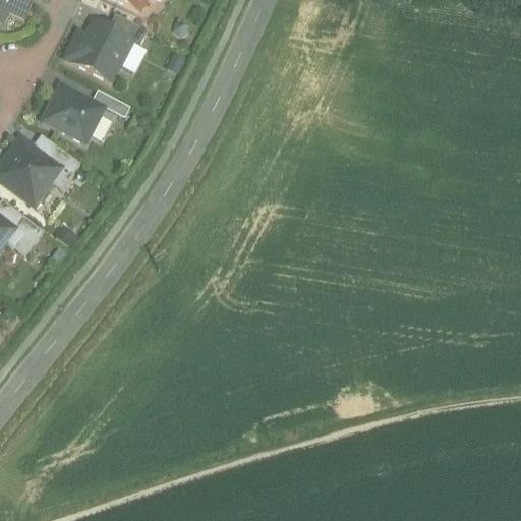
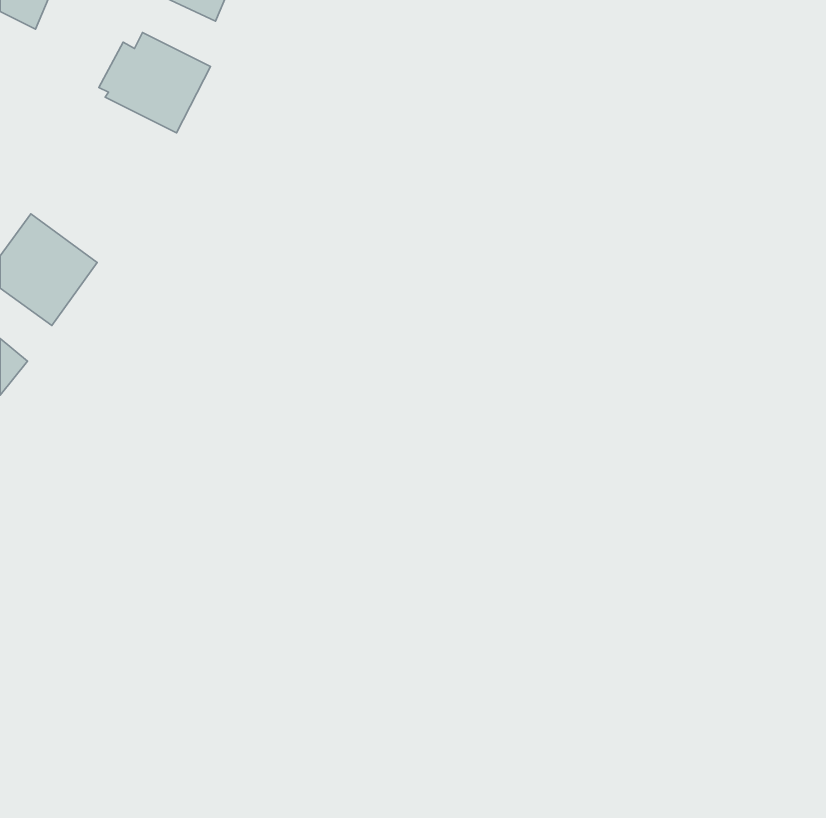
building: [107,12,150,46] -> none
building: [41,81,106,142] -> none

